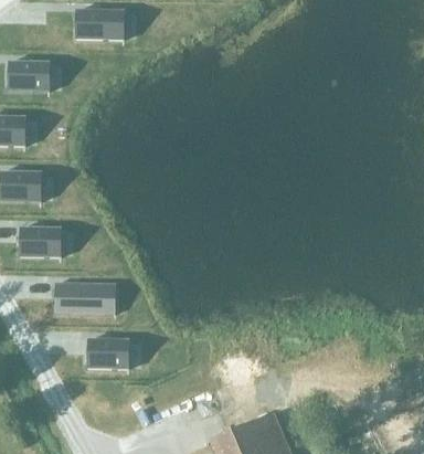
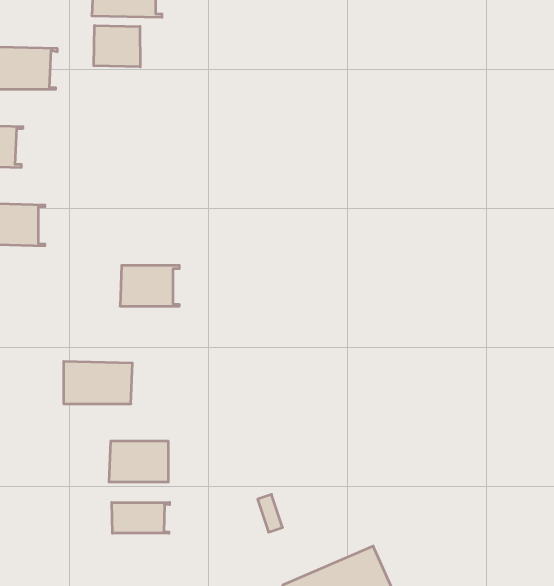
building: none -> [94,25,140,67]
building: [20,228,62,256] -> [120,265,179,306]
building: none -> [112,502,170,533]

